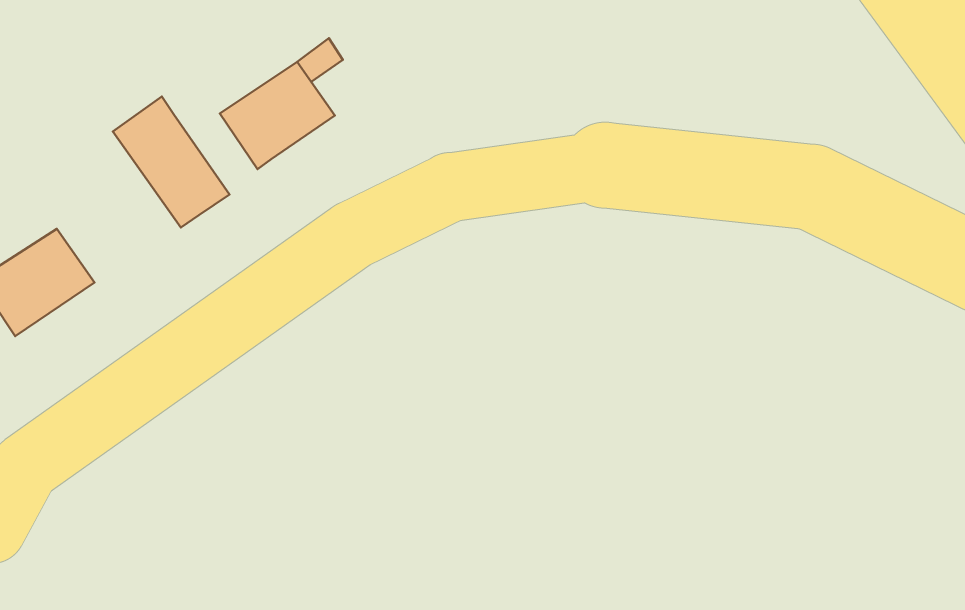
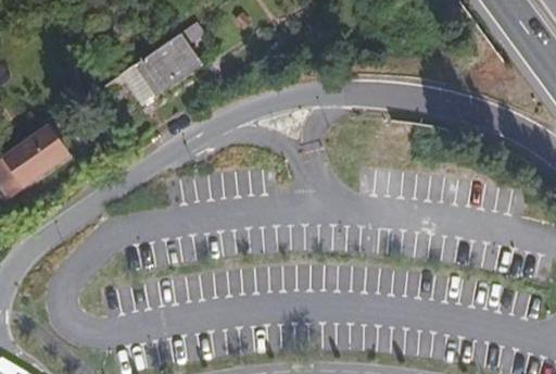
building: [113,97,229,227] -> none

